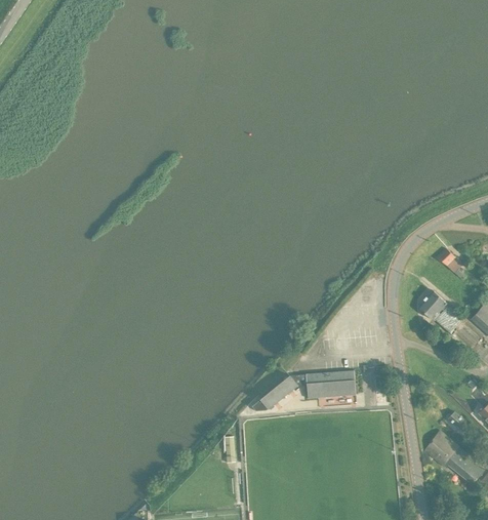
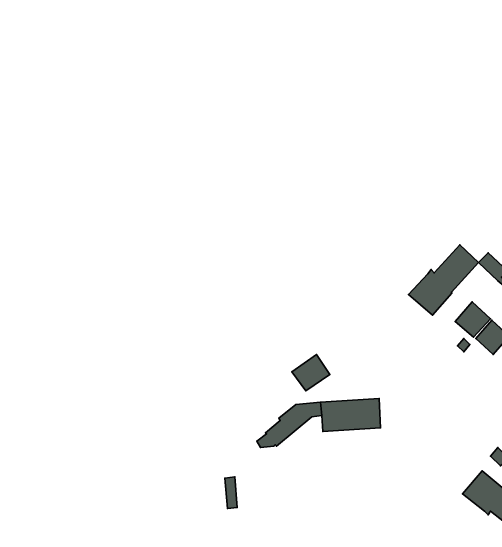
building: none -> [409,245,478,315]
building: none -> [292,355,330,391]

